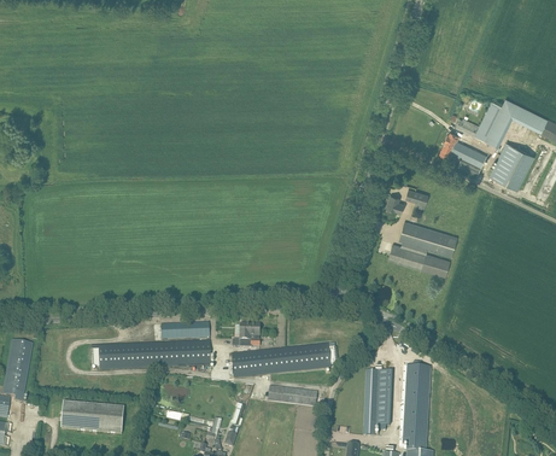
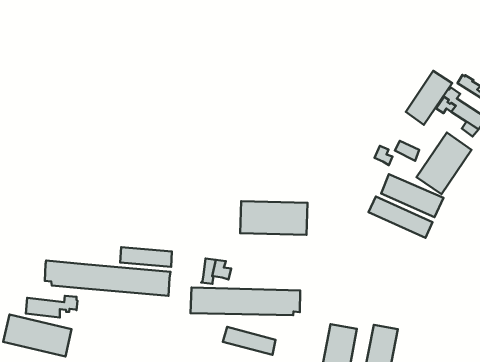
building: none -> [406,71,452,125]
building: none -> [416,133,472,194]
building: none -> [240,201,308,235]
building: none -> [26,296,77,317]

